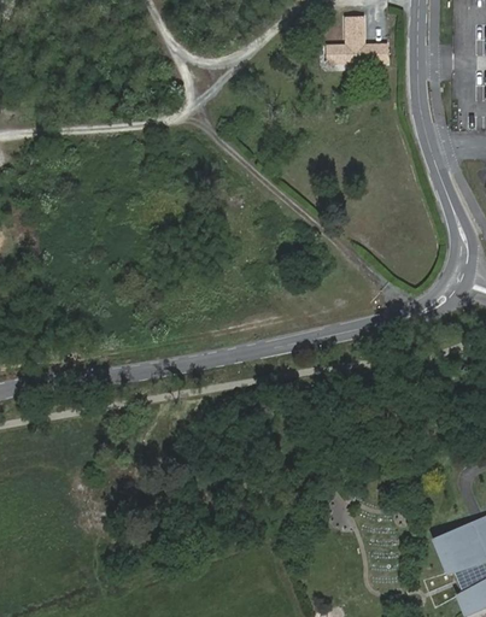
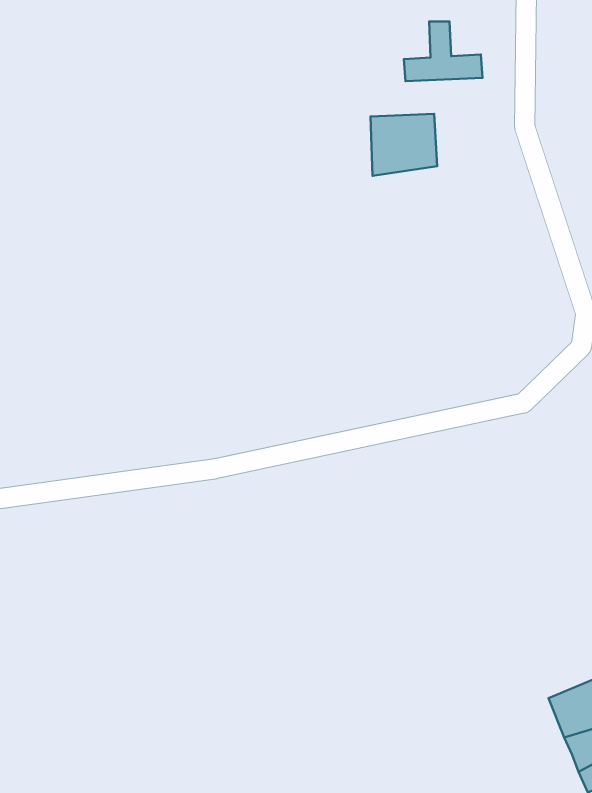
building: none -> [370,114,437,176]

